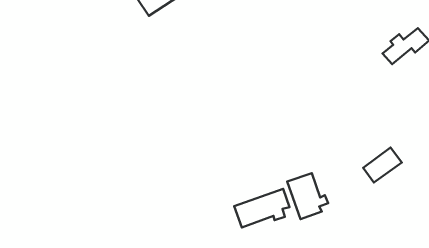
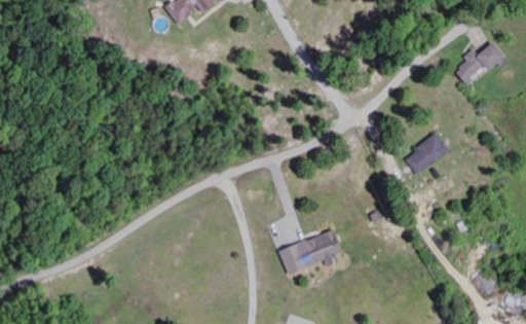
building: [363,148,402,183] -> [403,134,448,175]
building: [287,173,328,219] -> none

